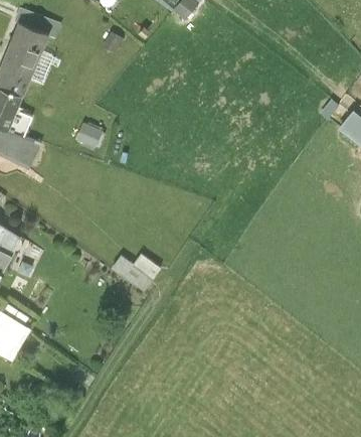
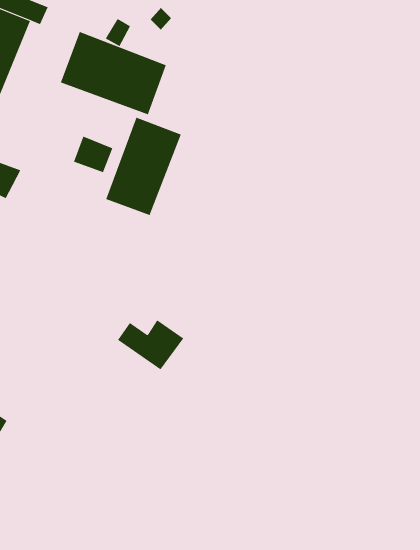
building: none -> [60,31,167,115]
building: none -> [106,117,181,216]

